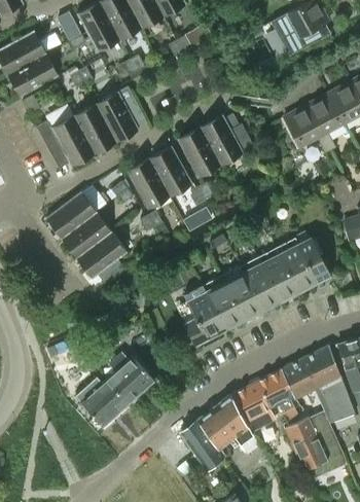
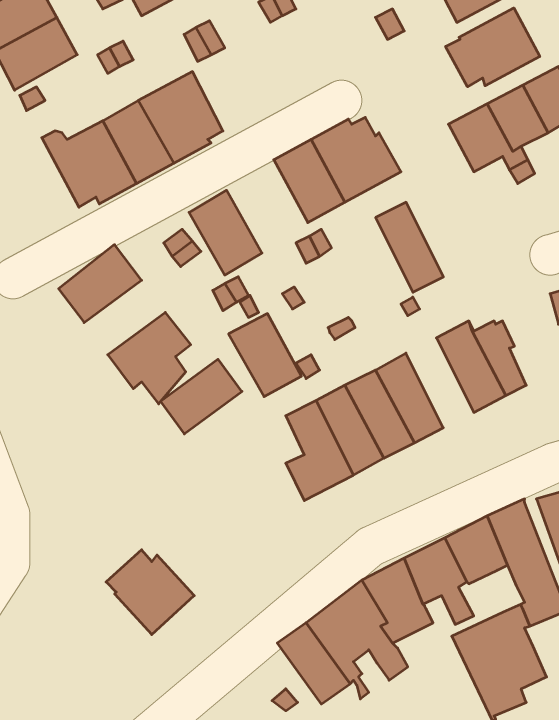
building: none -> [446,8,540,87]
building: [148,146,192,196] -> [229,314,301,397]
building: [62,213,111,258] -> [161,359,242,434]
building: [257,248,298,302] -> [376,202,443,292]
building: [106,357,154,404] -> none

